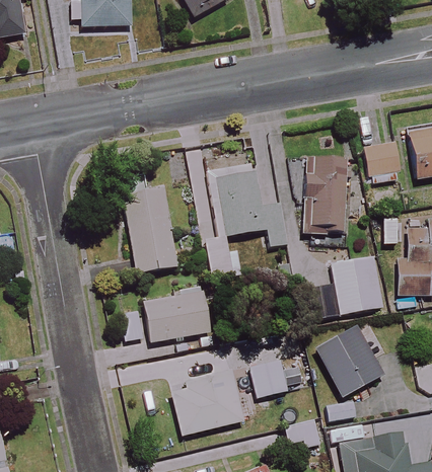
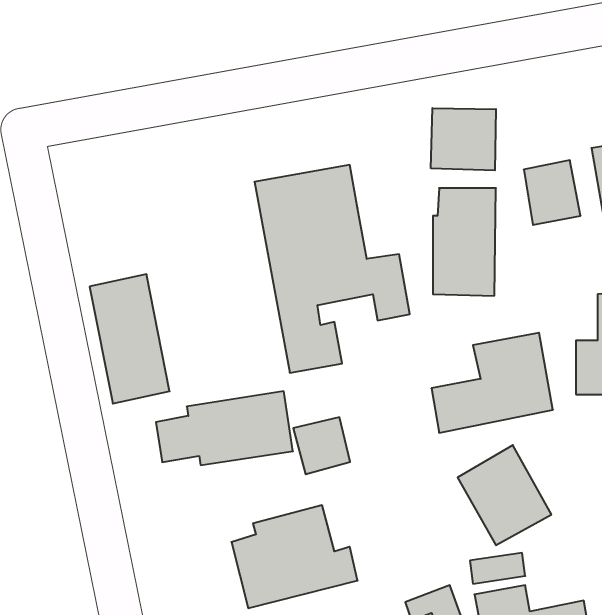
building: none -> [431,108,496,170]
building: [124,187,176,272] -> [90,274,170,404]
building: [249,360,287,397] -> [293,417,350,474]

